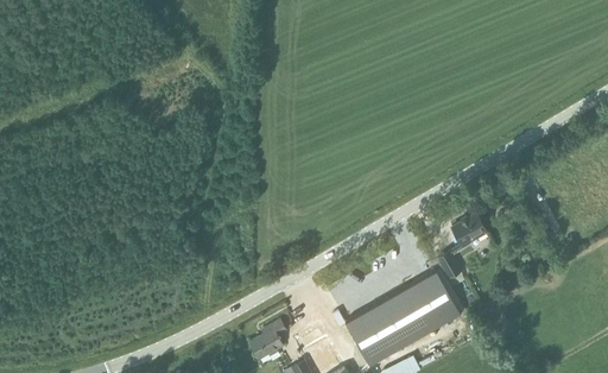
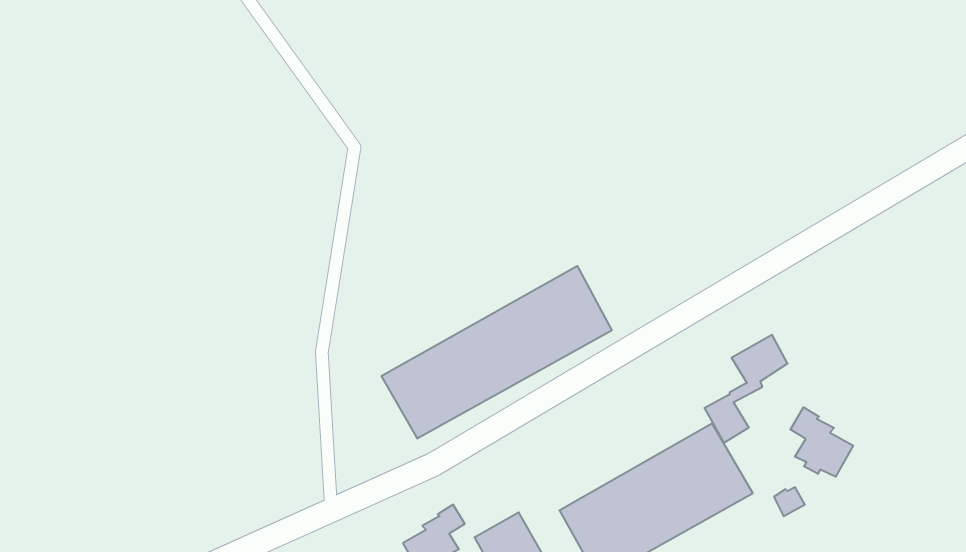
building: none -> [382,266,612,439]
building: none -> [790,407,853,477]

